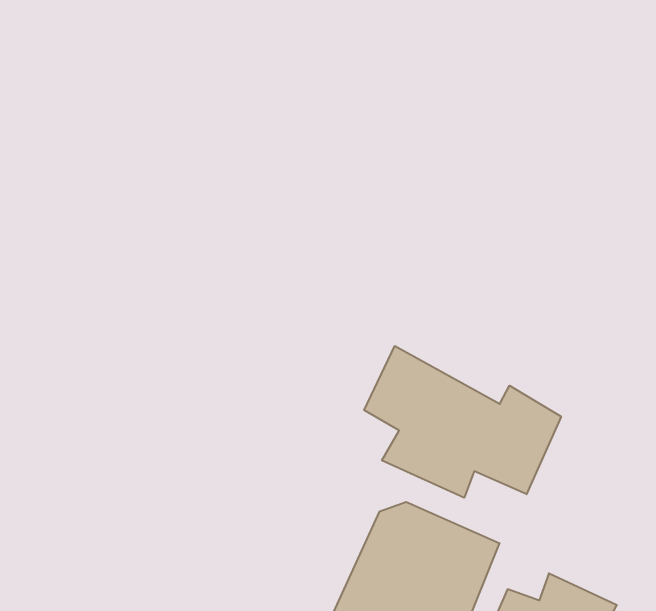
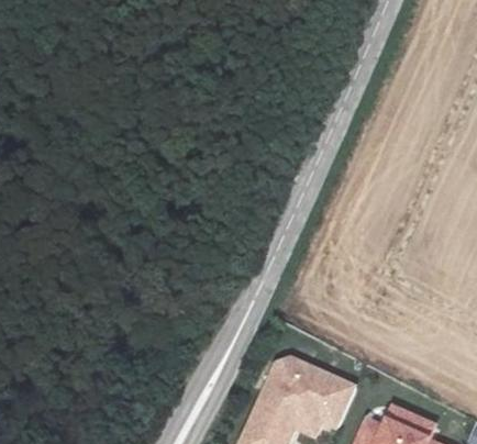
building: [364,346,561,498] -> none

